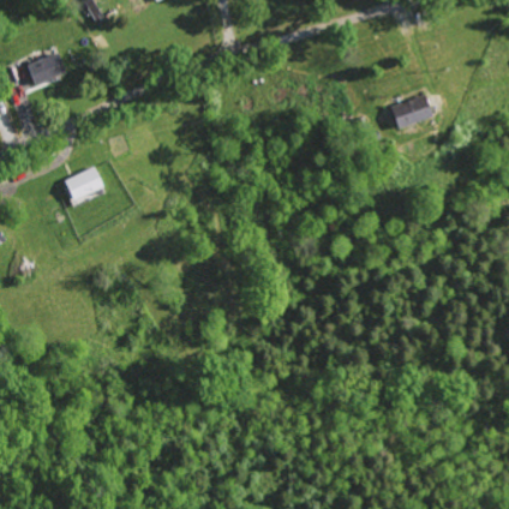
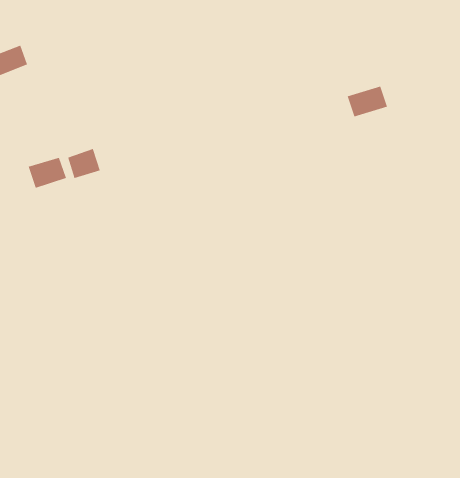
building: none -> [67,148,100,179]

